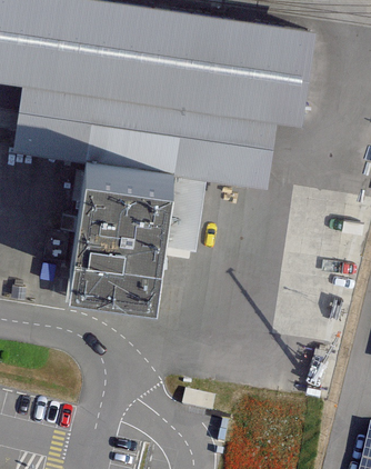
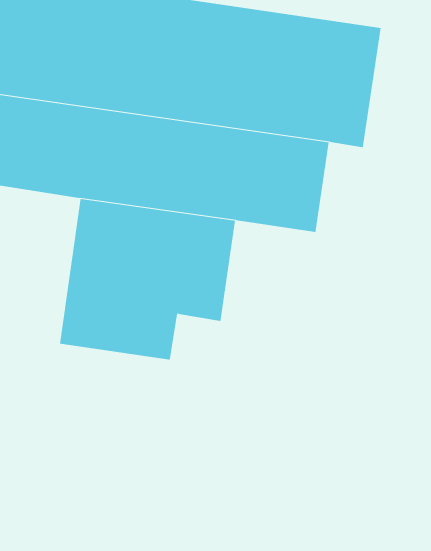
building: [69,267,157,309] -> none

